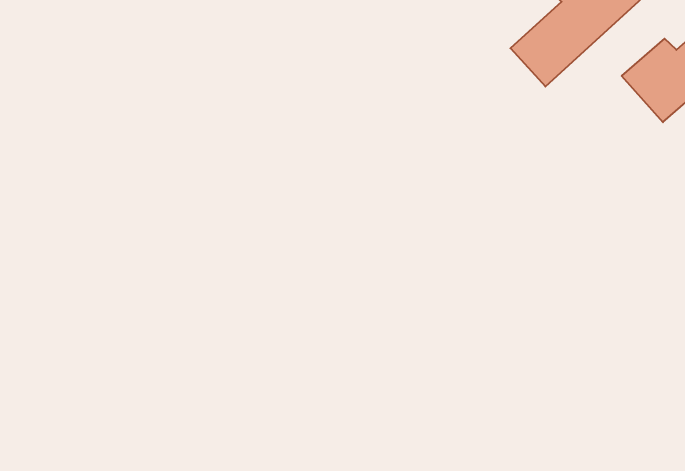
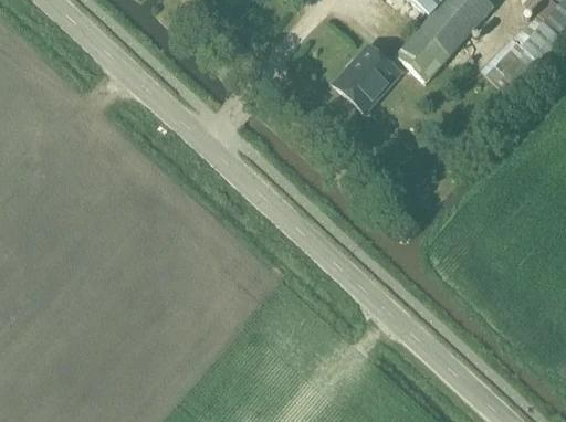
building: none -> [334,42,402,110]

